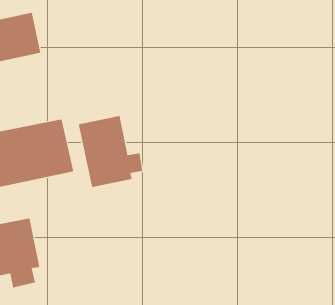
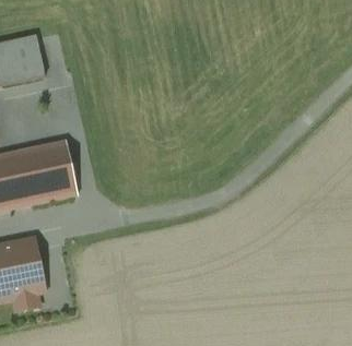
building: [78,115,143,188] -> none

